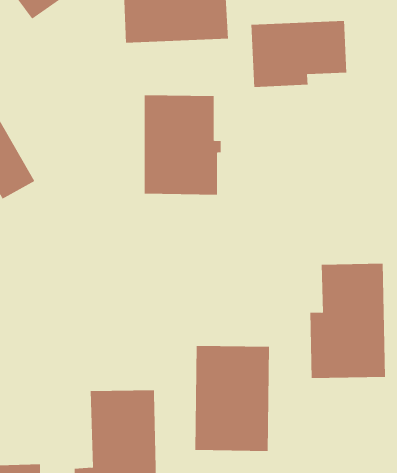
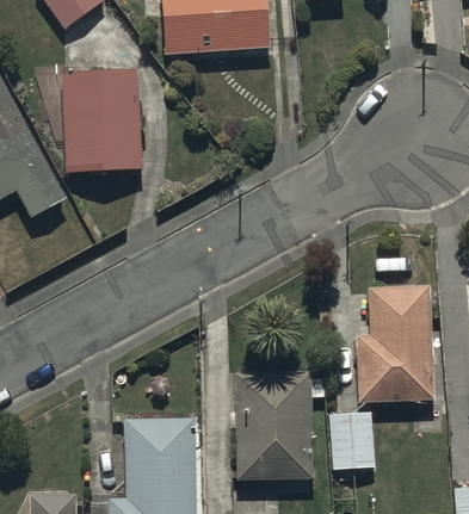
building: [251,20,347,88] -> none
building: [144,95,221,195] -> [66,68,147,173]
building: none -> [331,411,375,469]

